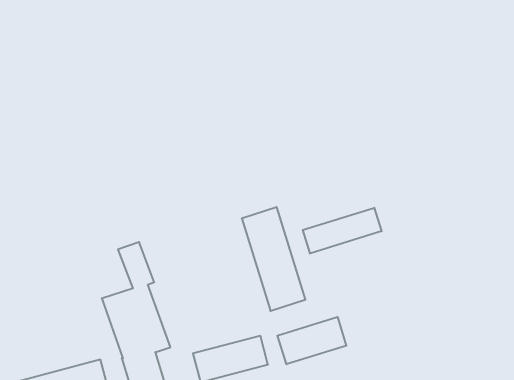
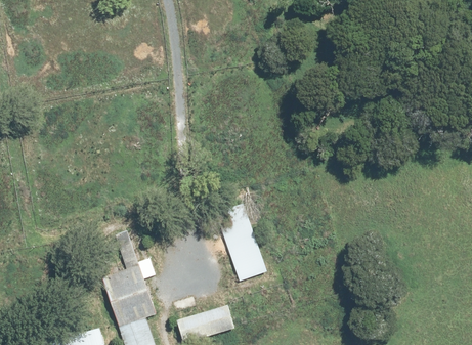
building: [303,208,382,254] -> none
building: [277,317,346,364] -> none

